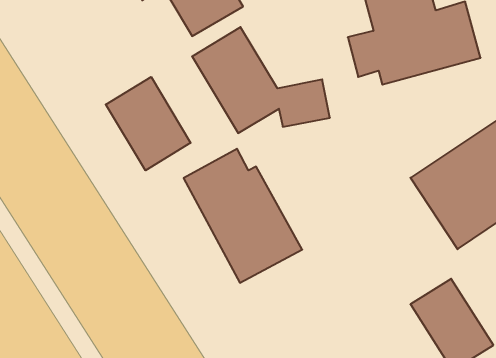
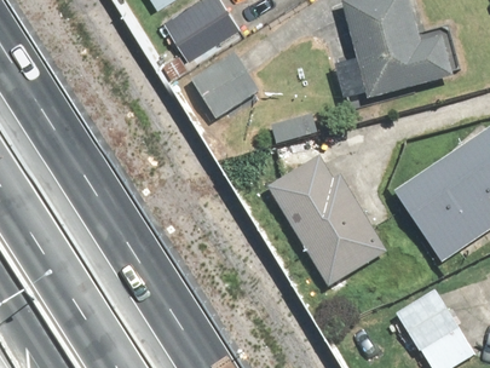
building: [106,77,191,170] -> none
building: [184,149,302,283] -> [271,155,384,282]

